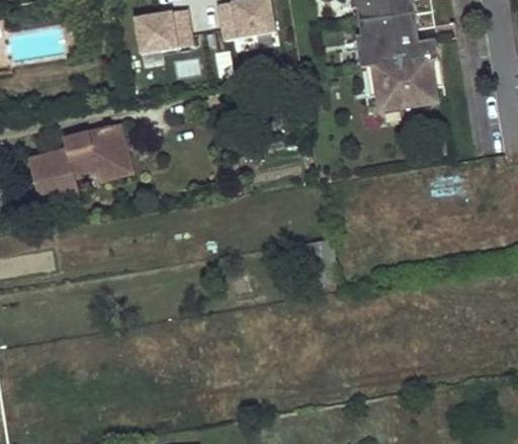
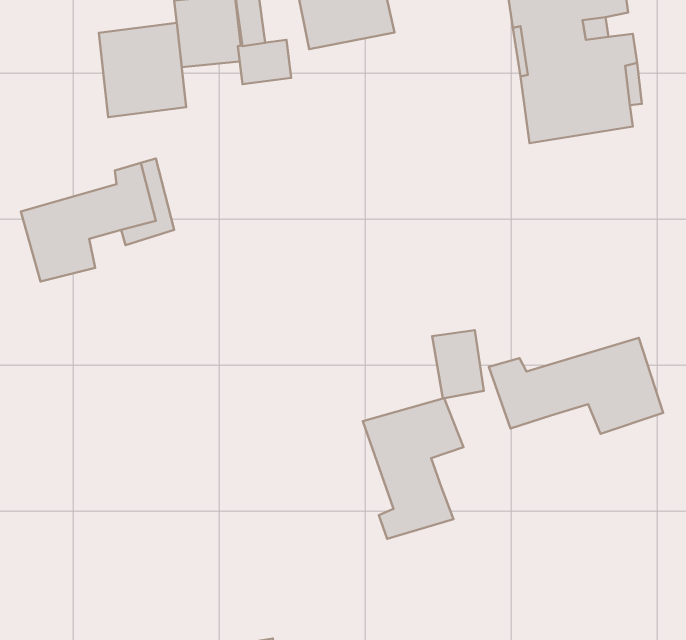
building: none -> [99,23,186,117]
building: none -> [489,338,663,434]
building: none -> [363,398,464,539]

